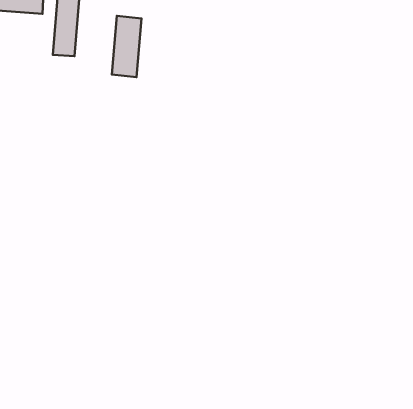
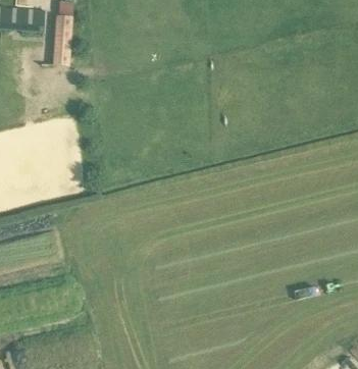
building: [112,16,141,77] -> none

